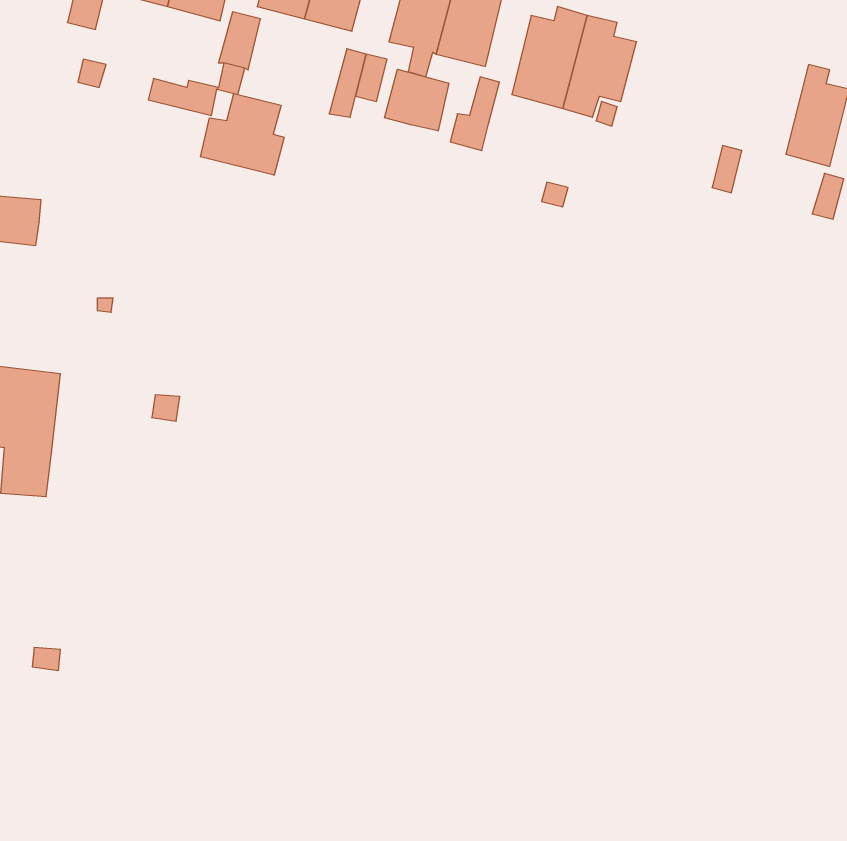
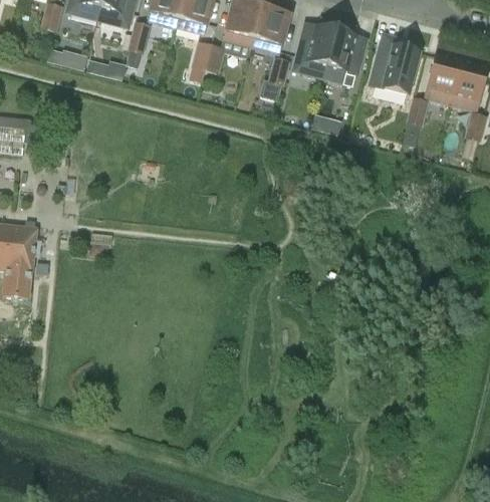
building: none -> [371,41,420,93]
building: none -> [426,48,464,102]
building: [384,69,449,131] -> none
building: [200,93,284,175] -> none

